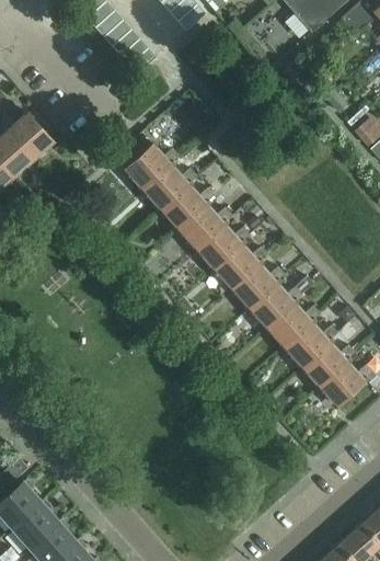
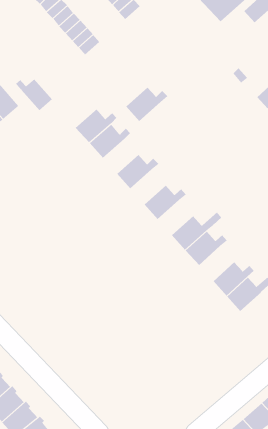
building: none -> [15,78,53,111]
building: [160,183,215,228] -> [125,87,168,122]
building: [195,222,250,267] -> none
building: [230,262,285,307] -> none
building: [284,318,346,366] -> none

